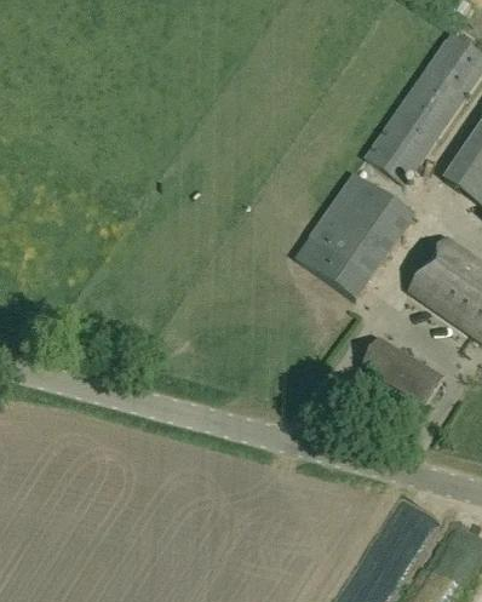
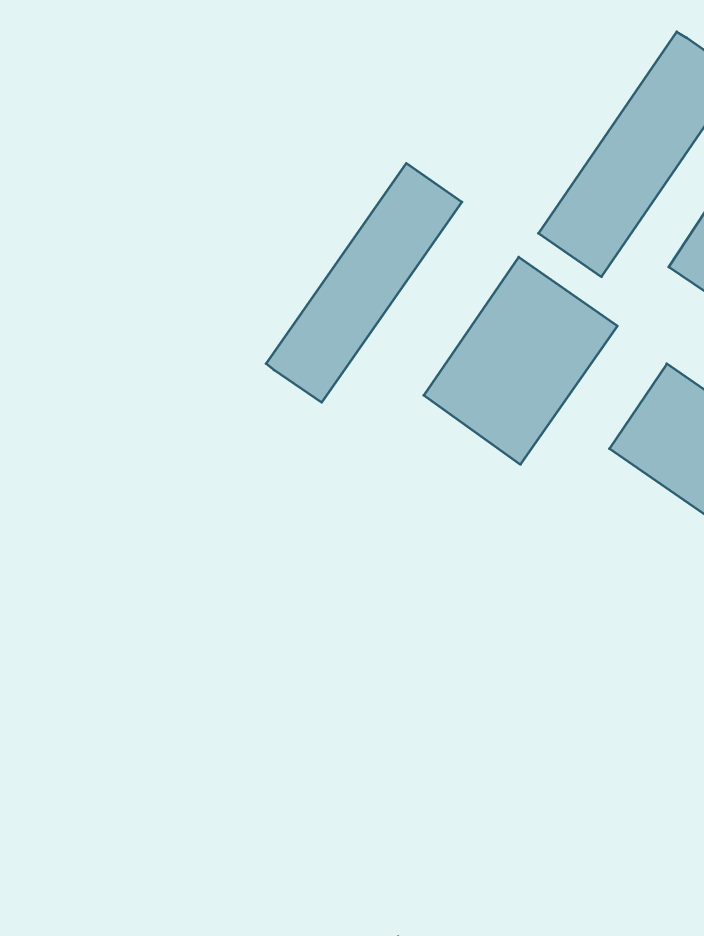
building: none -> [266,163,462,402]
building: [360,334,441,401] -> none

